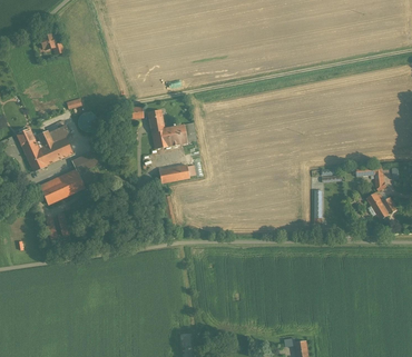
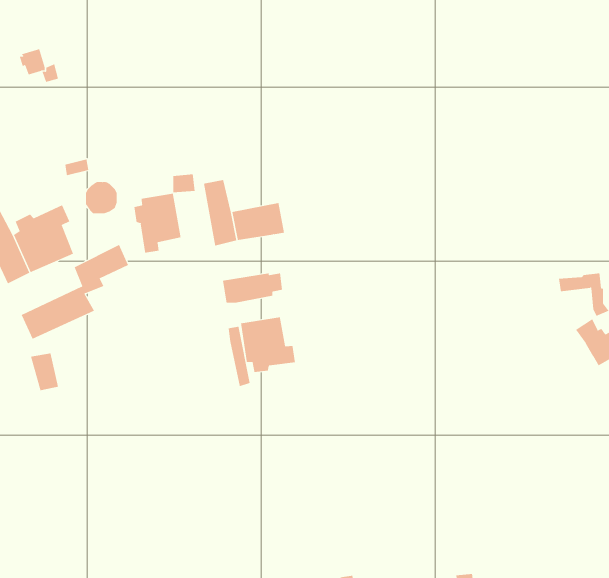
building: none -> [134,193,181,253]
building: none -> [241,317,295,373]

